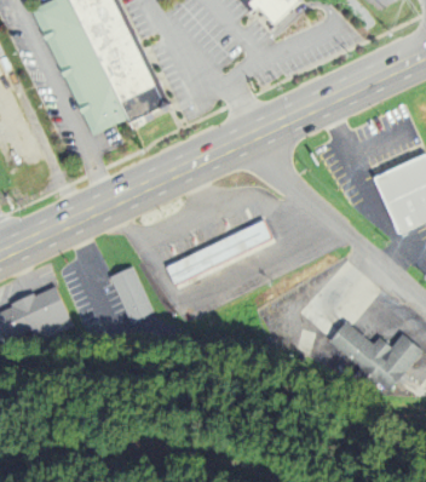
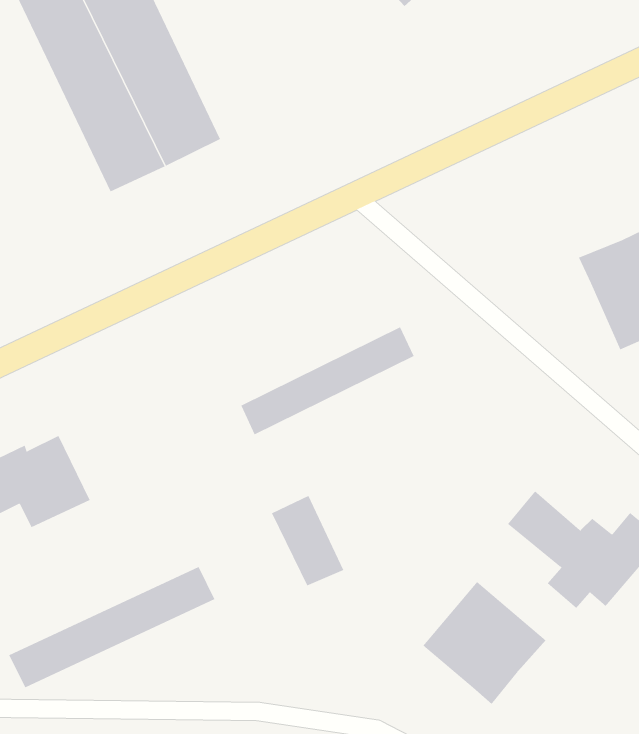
building: [113,265,157,321] -> [271,495,344,586]
building: none -> [9,566,215,688]
building: none -> [422,581,546,705]

